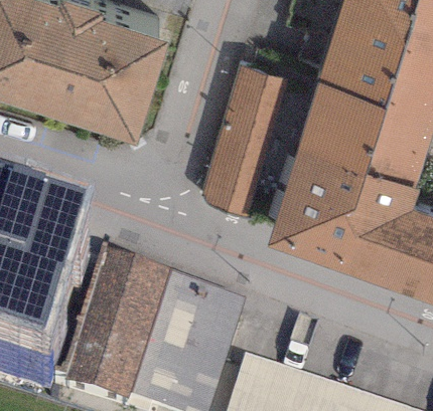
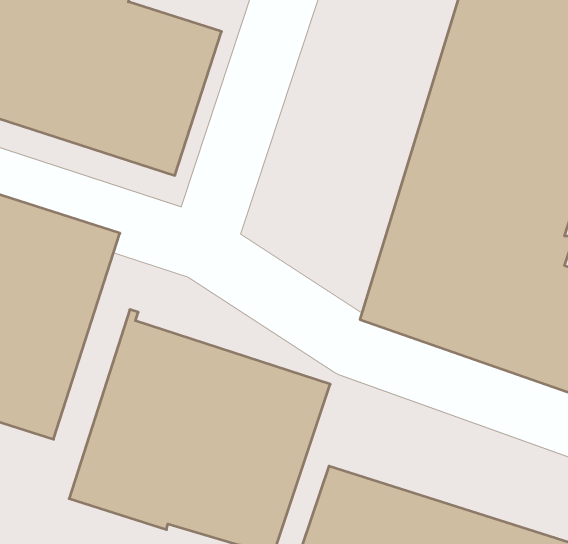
building: [202,67,282,215] -> none

